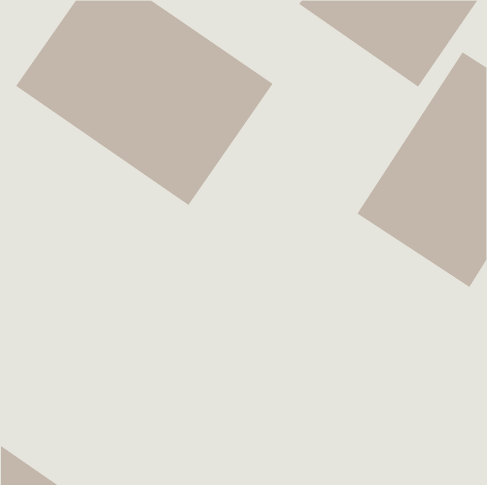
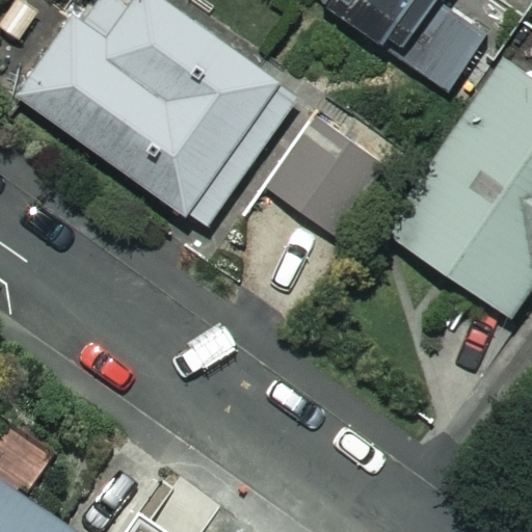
building: none -> [266,112,389,236]

